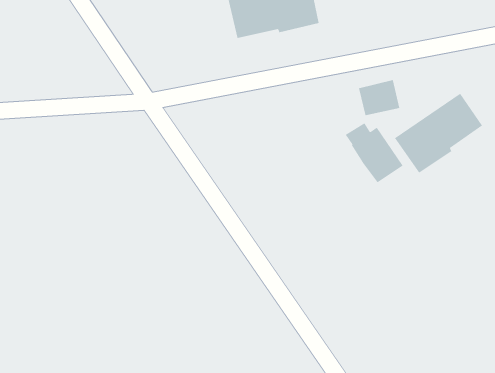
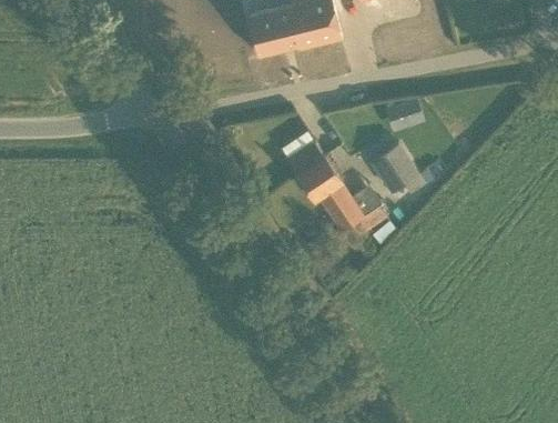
building: [394,93,483,173] -> none
building: none -> [288,142,382,234]

